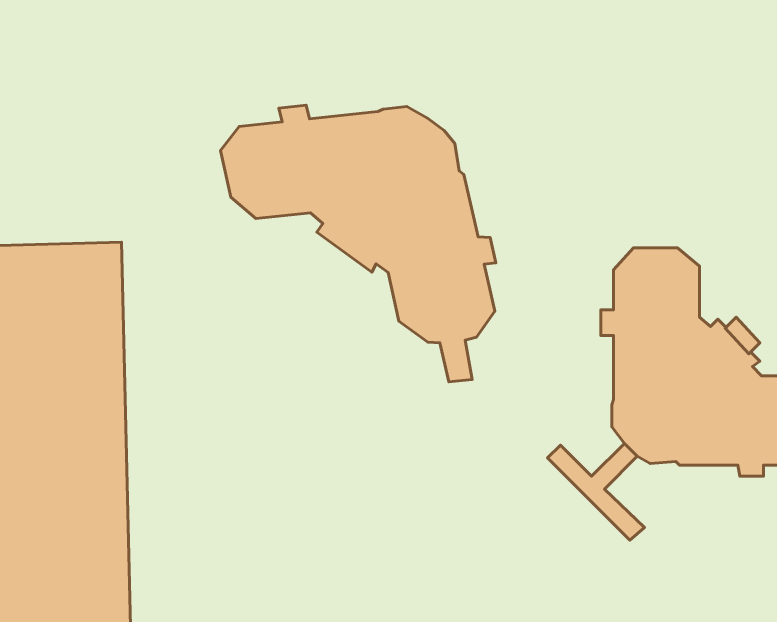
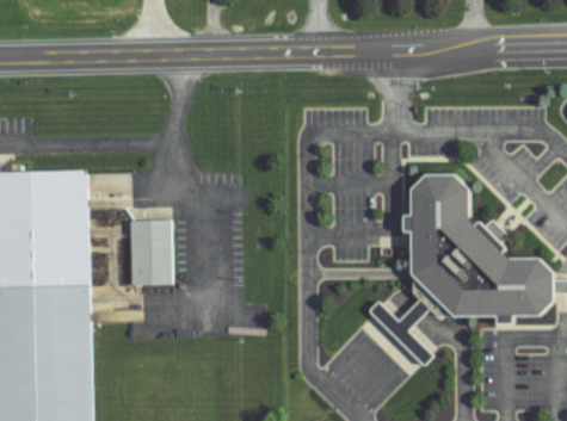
building: [220,105,496,382] -> none
building: none -> [131,218,173,284]

